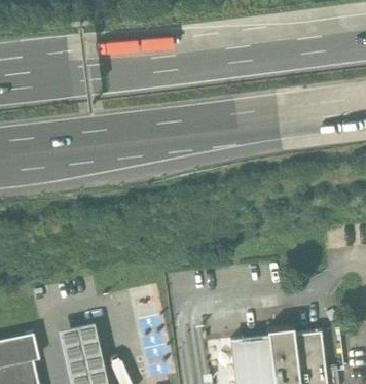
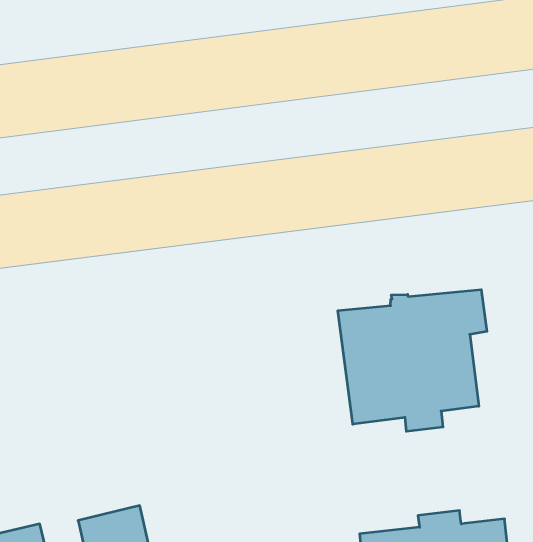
building: none -> [338,290,487,431]

